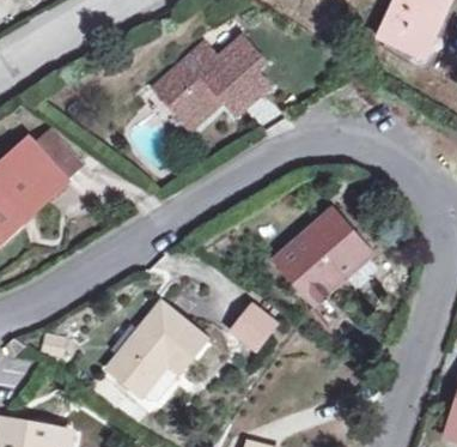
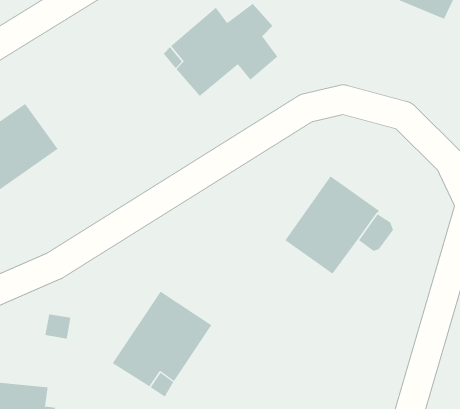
building: [28,122,81,182] -> none
building: [232,306,285,358] -> none

